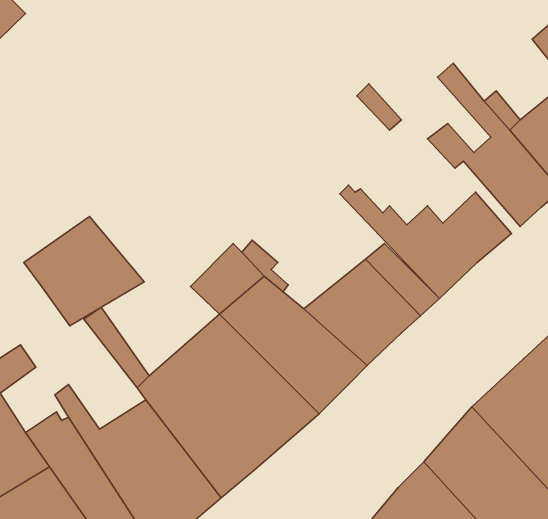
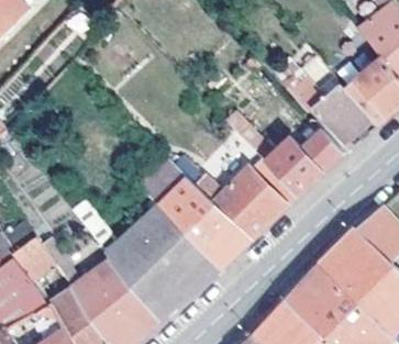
building: [24,217,144,326] -> none

